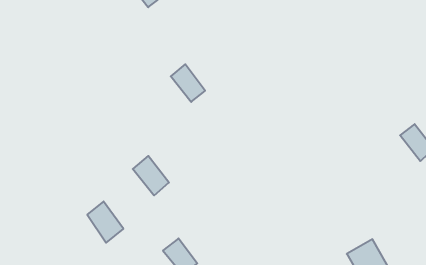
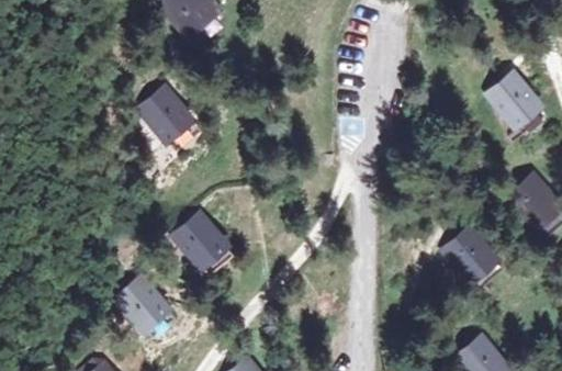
building: none -> [496,79,541,128]
building: [171,64,205,102] -> [145,90,189,138]
building: none -> [442,224,484,272]

